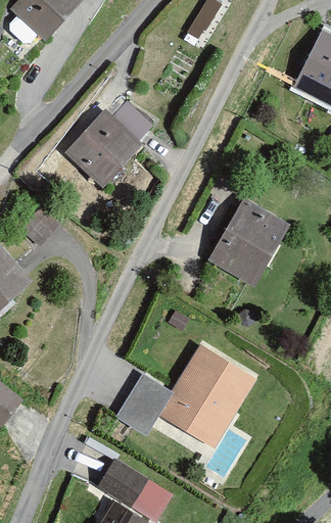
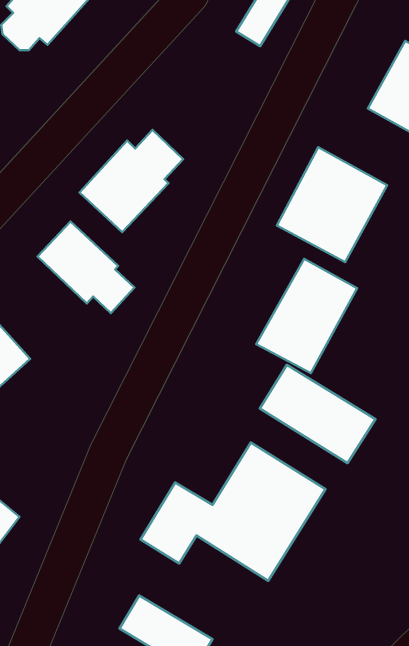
building: none -> [277,147,387,262]
building: none -> [38,221,134,313]
building: none -> [260,365,376,463]

